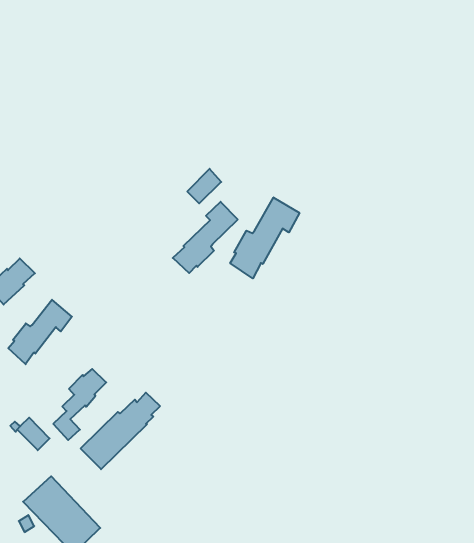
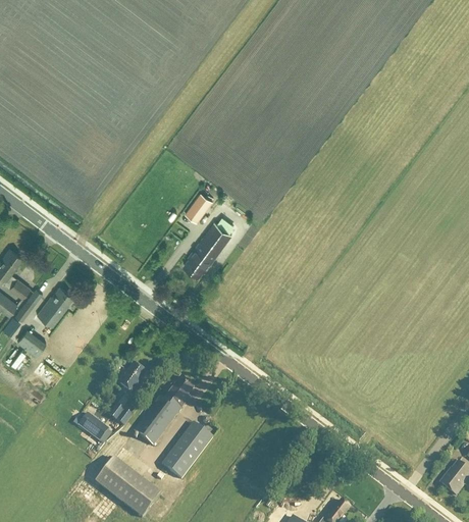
building: [230,197,299,278] -> none
building: [8,300,72,364] -> none
building: none -> [162,422,213,479]

